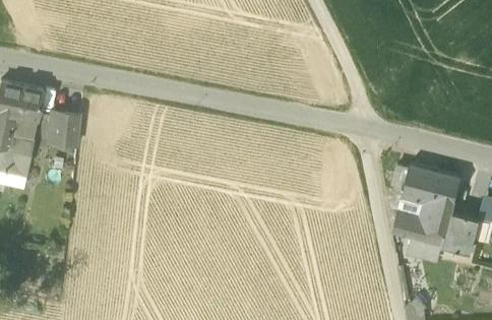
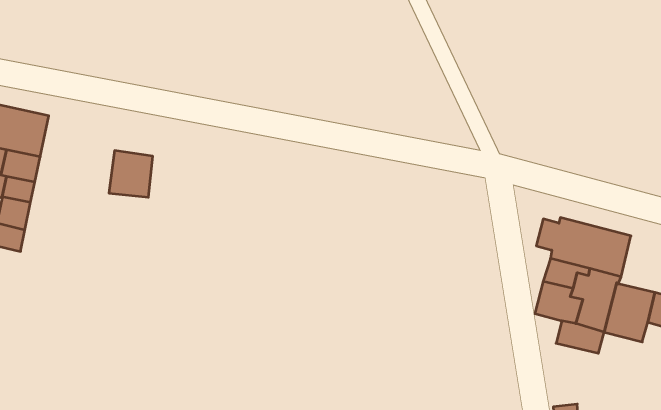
building: [48,111,79,144] -> [109,151,153,197]

